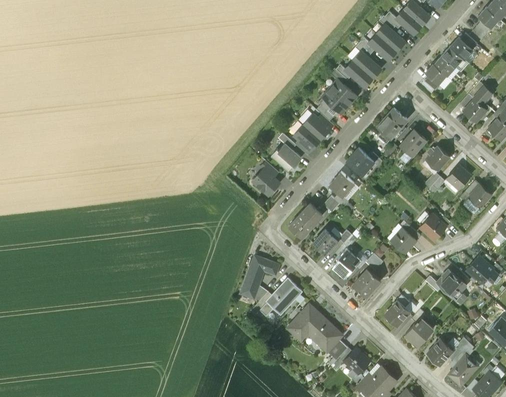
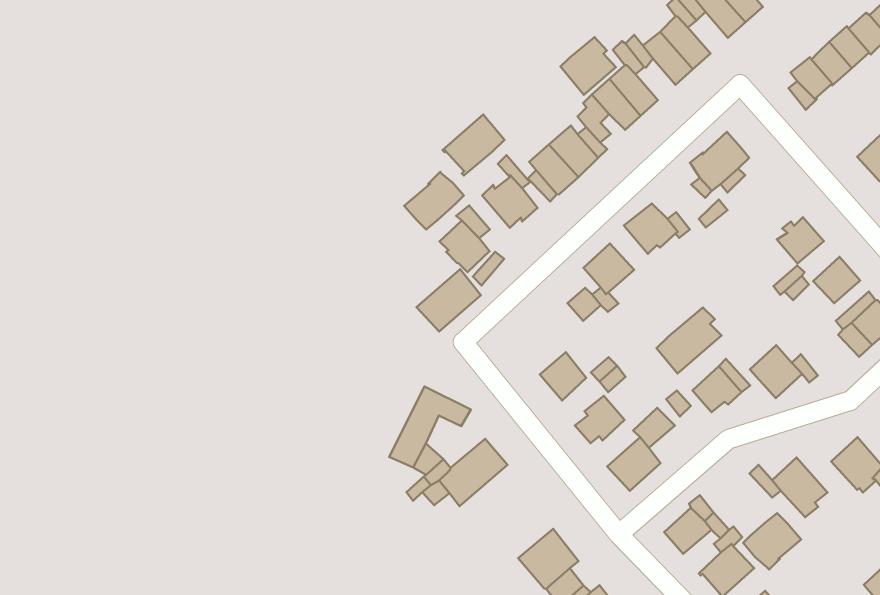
building: none -> [561,37,616,95]
building: none -> [442,114,505,176]
building: [399,129,426,157] -> none
building: none -> [404,172,464,230]
building: none -> [657,307,721,374]
building: [289,204,321,237] -> [417,269,481,332]
building: none -> [743,513,801,569]
building: [287,304,328,343] -> none

